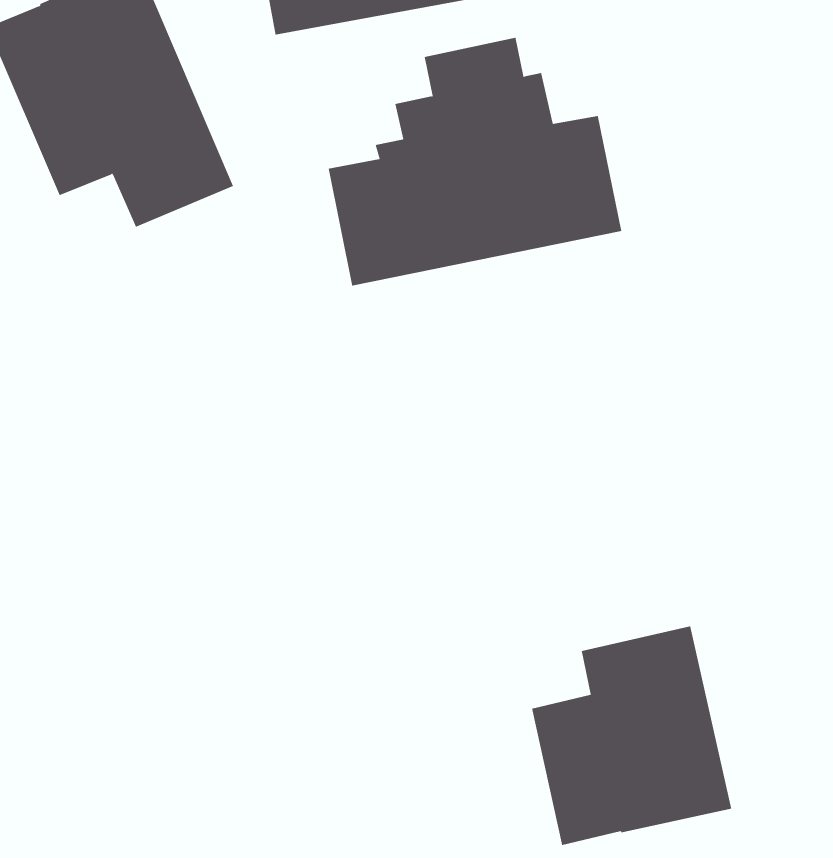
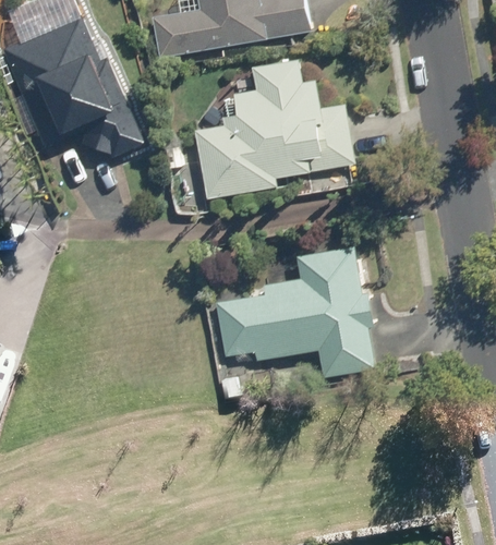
building: none -> [211,245,379,378]
building: [532,626,732,846] -> none

